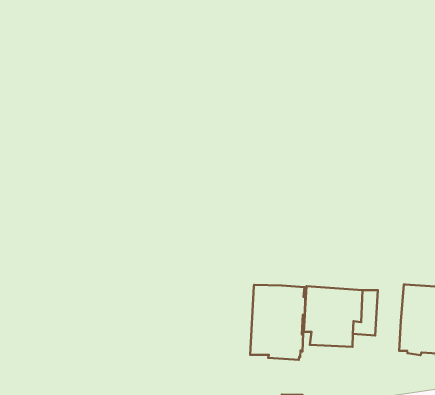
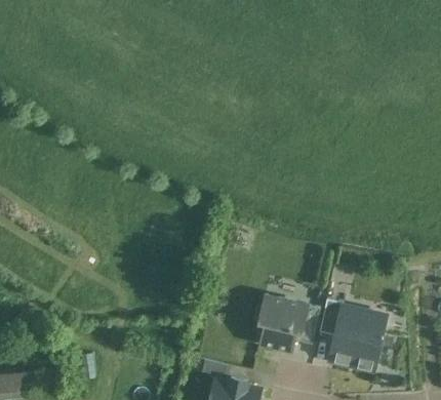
building: none -> [319,298,343,334]
building: [250,285,305,360] -> none

